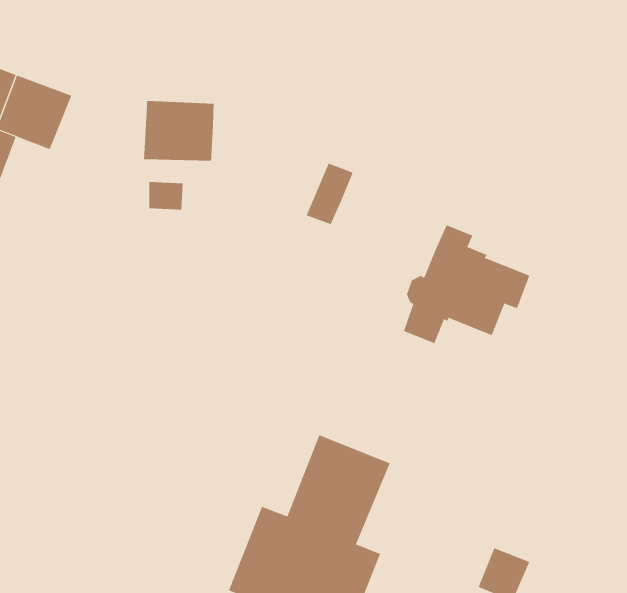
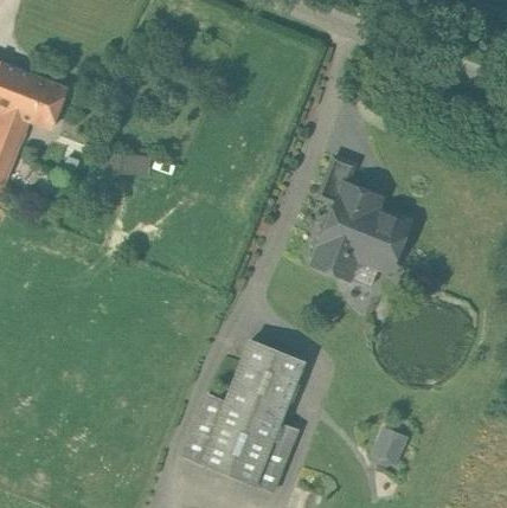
building: [144,100,214,162] -> none
building: [306,163,354,225] -> [319,157,354,204]

